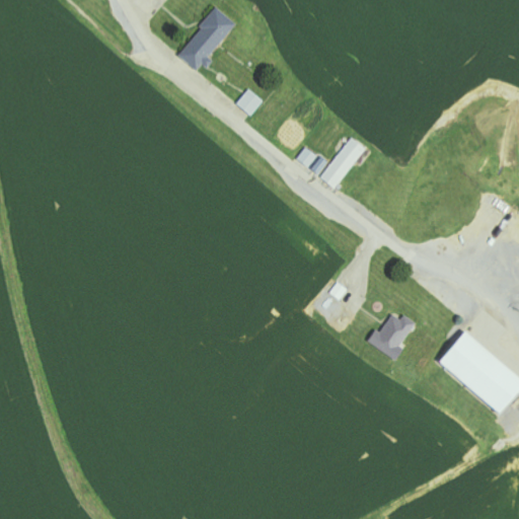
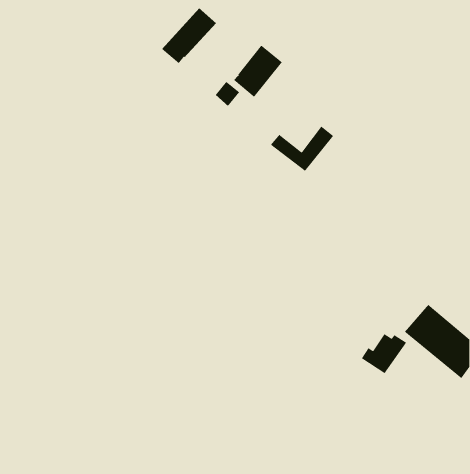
building: none -> [233,44,283,98]
building: [366,314,417,359] -> [361,333,407,374]

